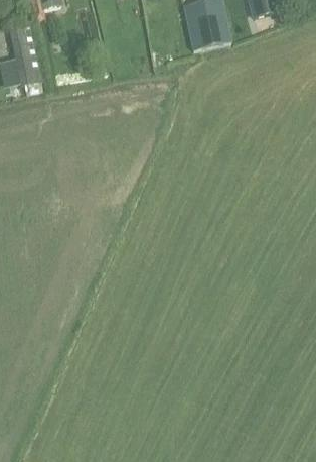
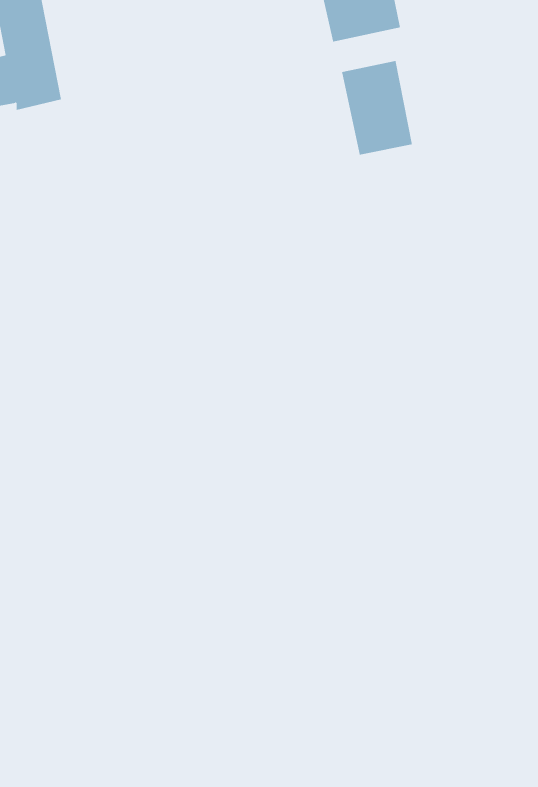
building: none -> [342,60,413,156]

